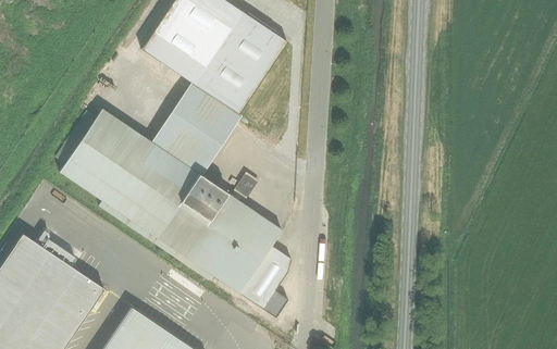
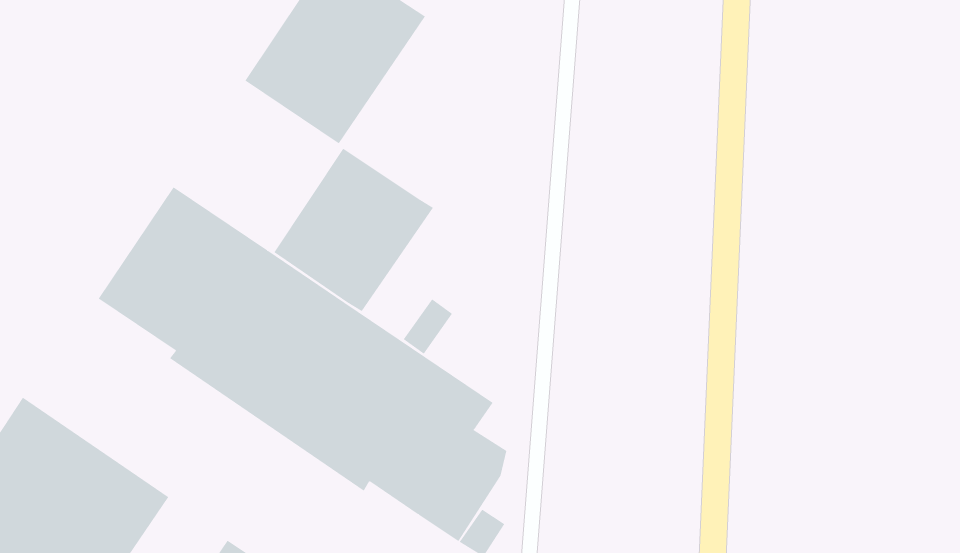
building: [195,13,288,115] -> none

